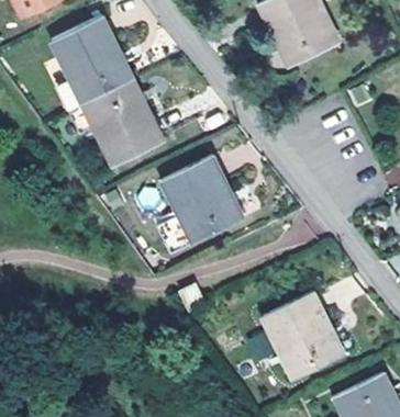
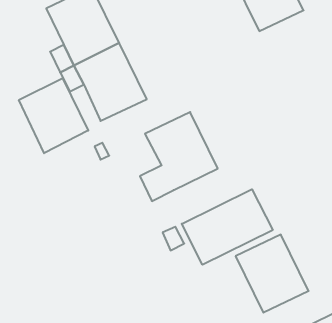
building: none -> [19,78,88,153]
building: none -> [182,189,273,265]

